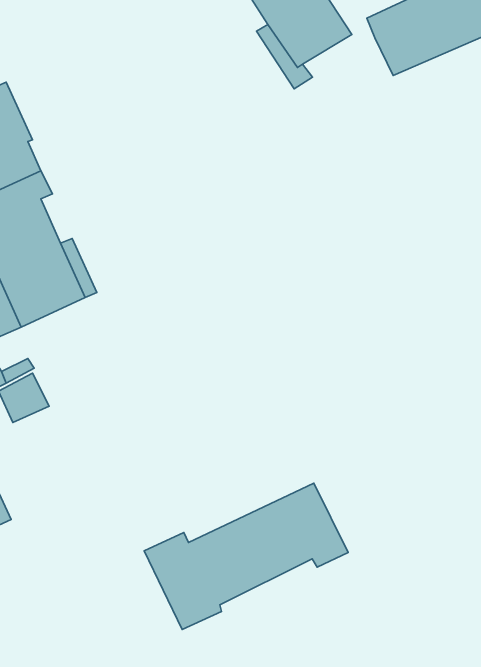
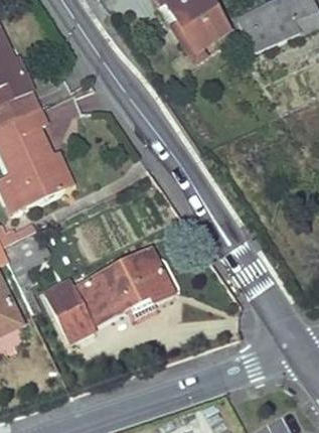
building: [144,483,348,630] -> [46,250,171,339]

